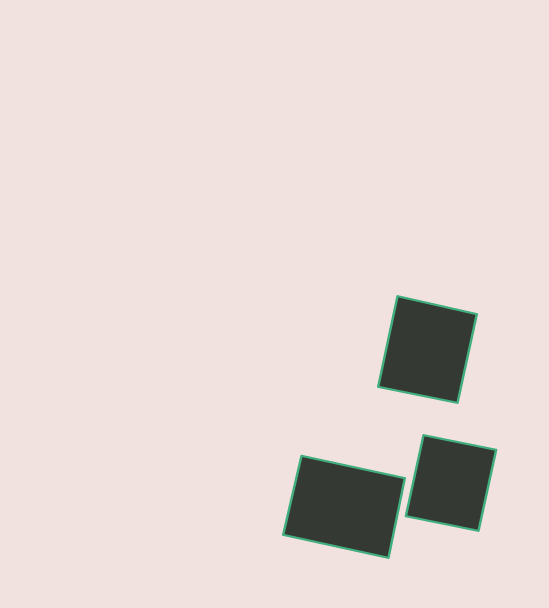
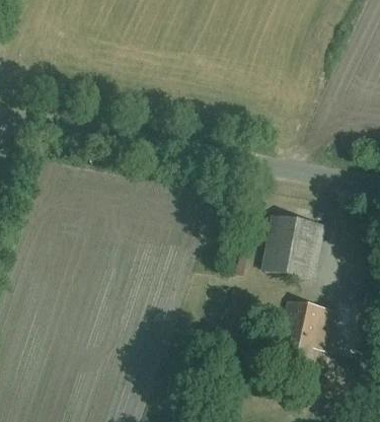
building: [283,456,405,558] -> none

